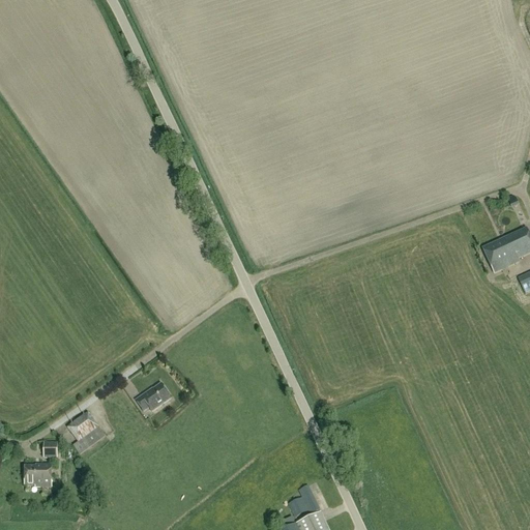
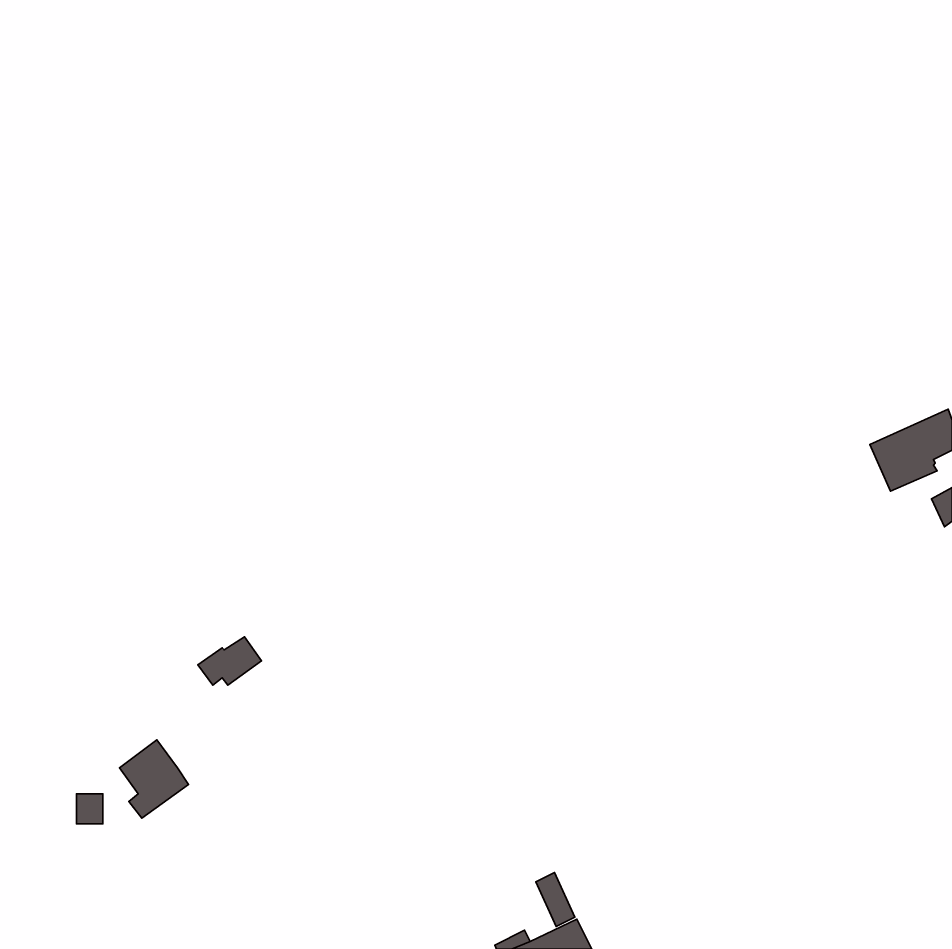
building: [135,383,170,410] -> [198,637,261,685]
building: [23,463,51,485] -> none

